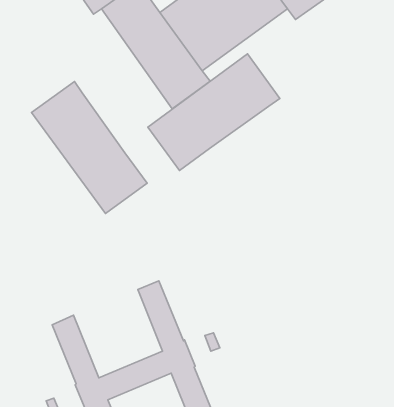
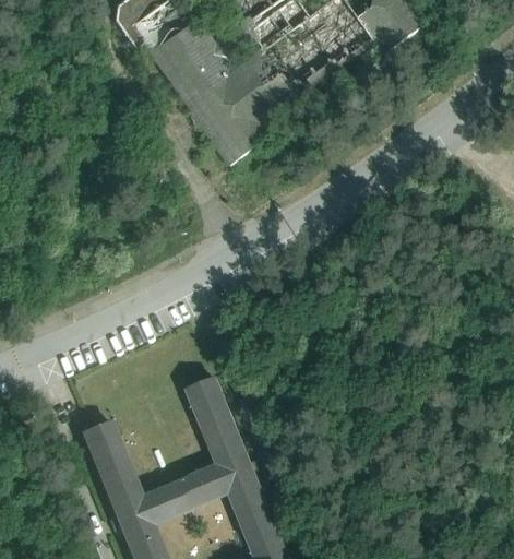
building: [148,54,280,171] -> none
building: [31,82,147,214] -> none

